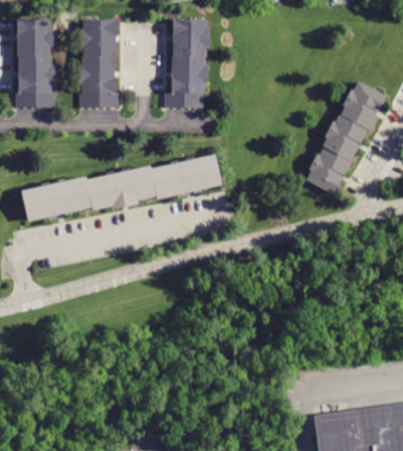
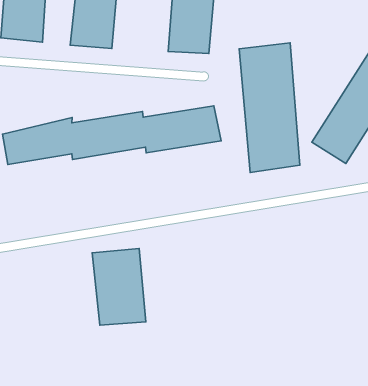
building: none -> [239,43,300,173]
building: none -> [92,249,146,325]

